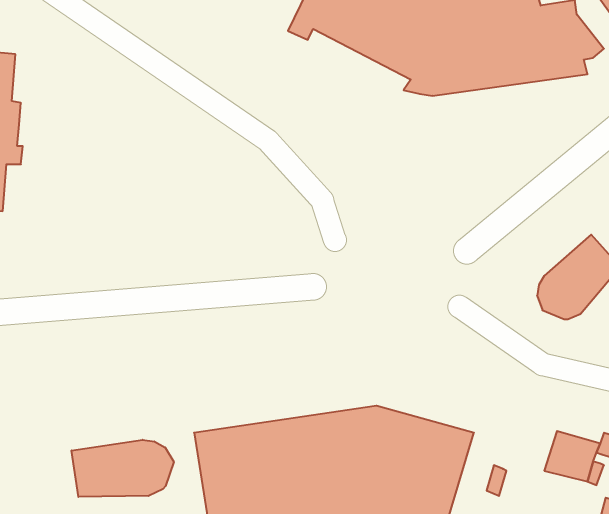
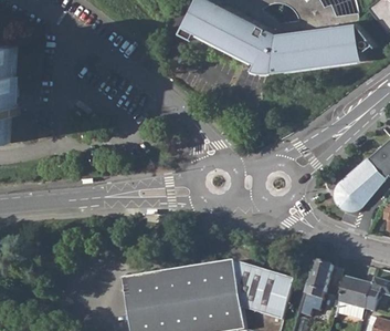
building: none -> [307,262,341,299]
building: [72,440,174,497] -> none

